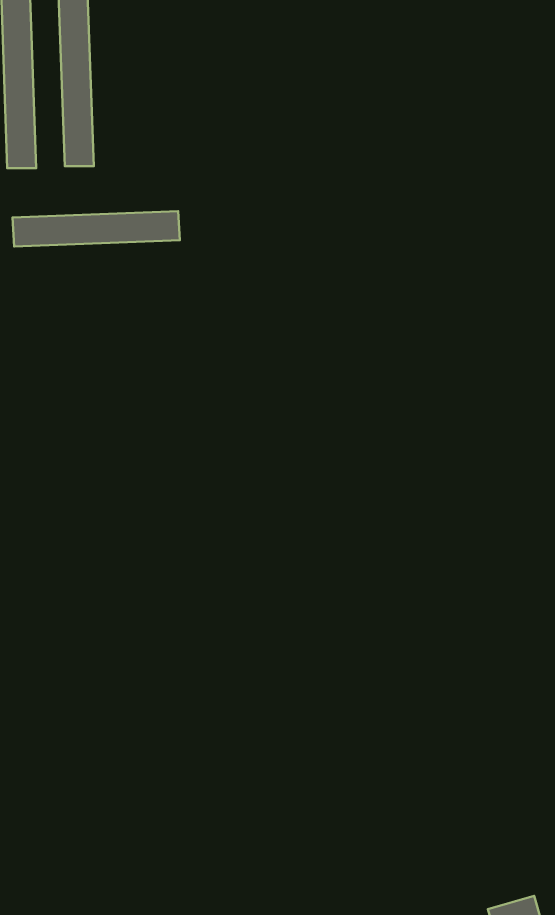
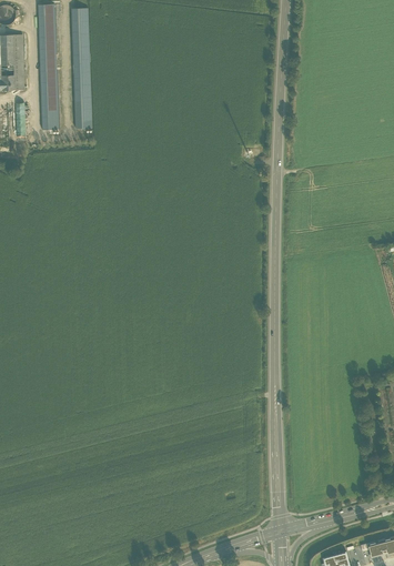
building: [12,211,180,246] -> none

